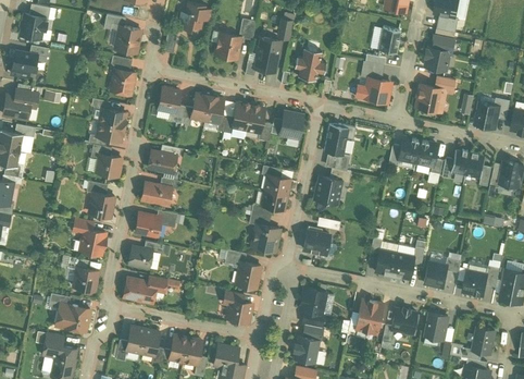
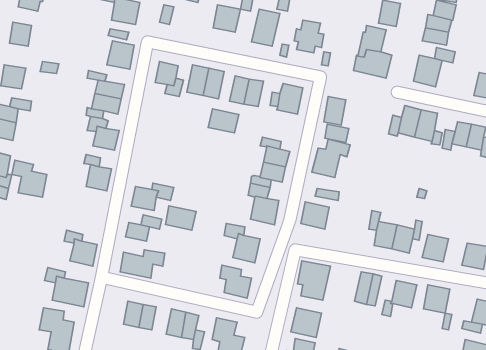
building: [148,150,178,174] -> [208,109,239,133]
building: [141,183,172,207] -> [165,206,196,230]
building: [72,218,107,255] -> [12,160,47,197]

